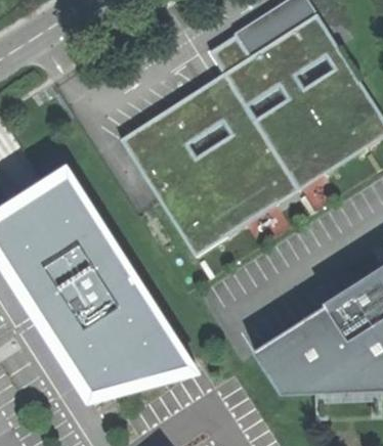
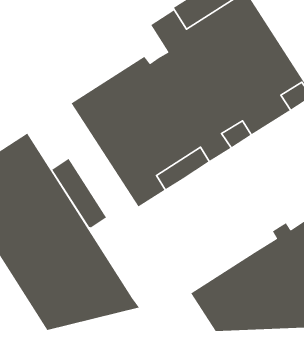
building: none -> [51,158,108,229]

